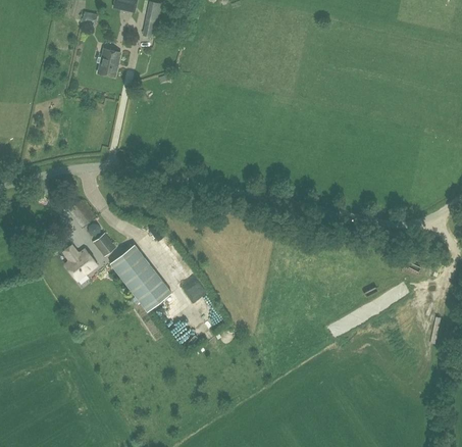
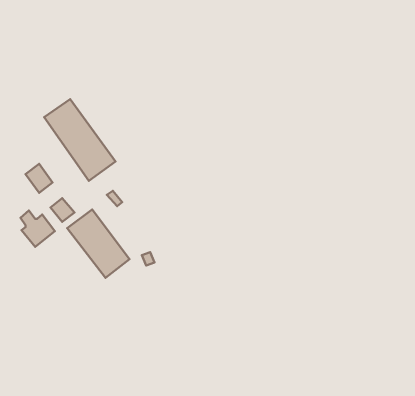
building: [98,47,120,76] -> none
building: none -> [44,99,115,181]

